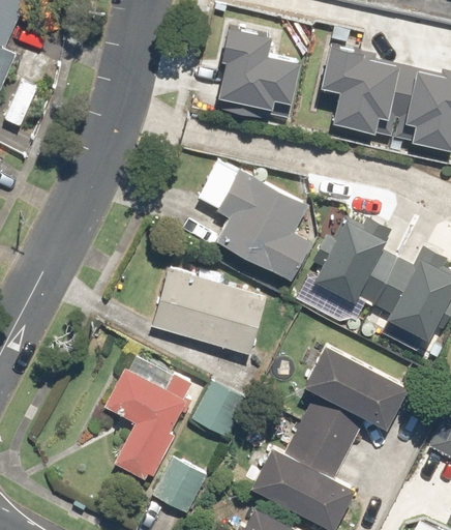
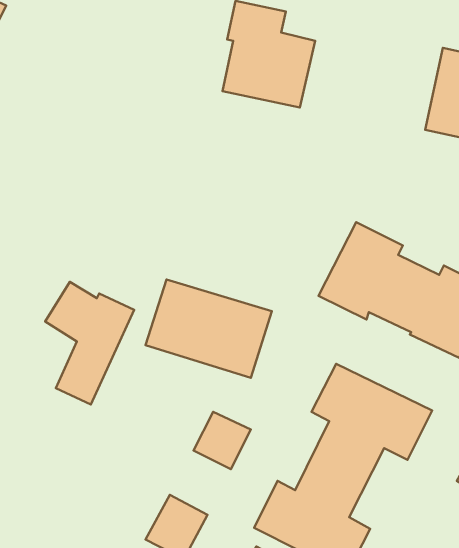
building: [321,39,402,134] -> none
building: [203,161,307,281] -> none
building: [109,373,187,481] -> [45,282,134,405]

